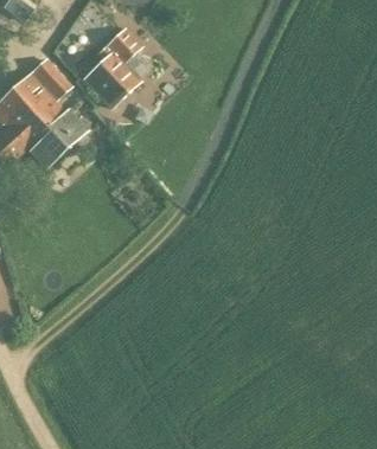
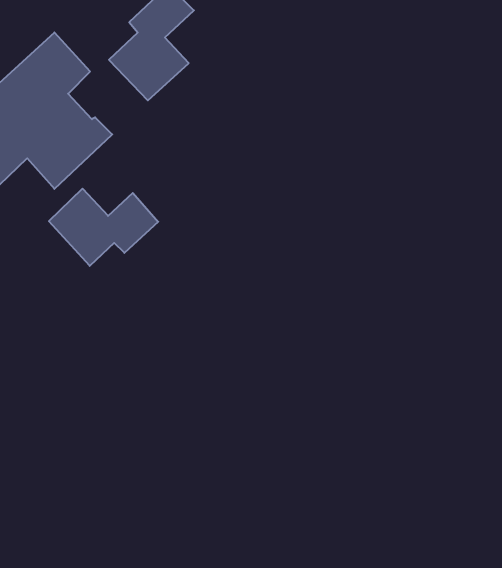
building: none -> [49,189,158,266]

